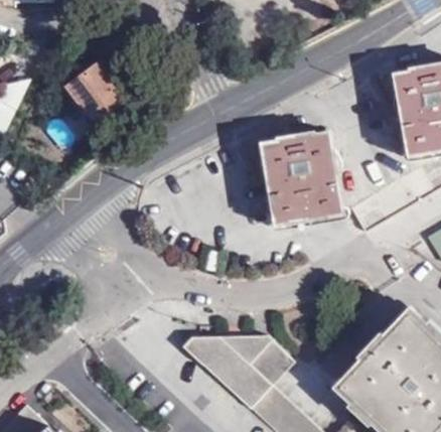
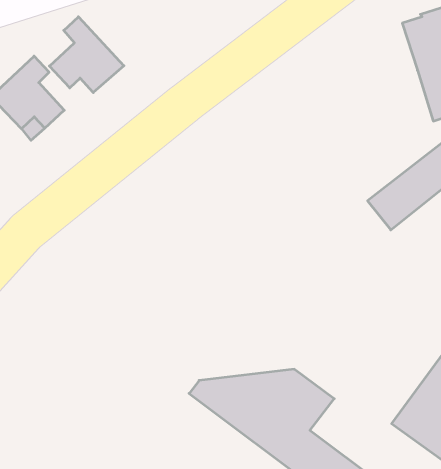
building: none -> [49,17,124,93]
building: [261,133,340,223] -> none

